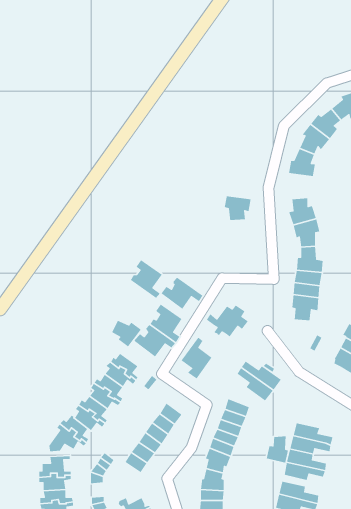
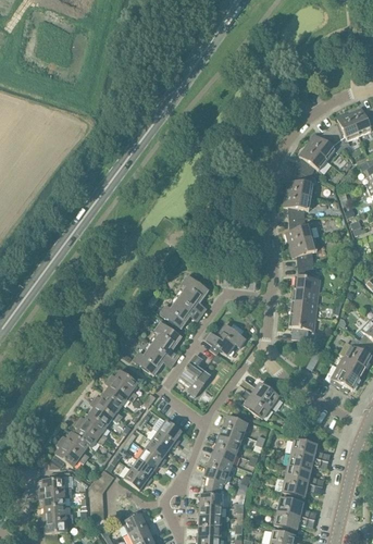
building: [224,195,251,221] -> [284,193,311,218]
building: [130,259,163,299] -> [176,274,209,313]
building: [111,320,142,347] -> none
building: [266,436,289,463] -> none

